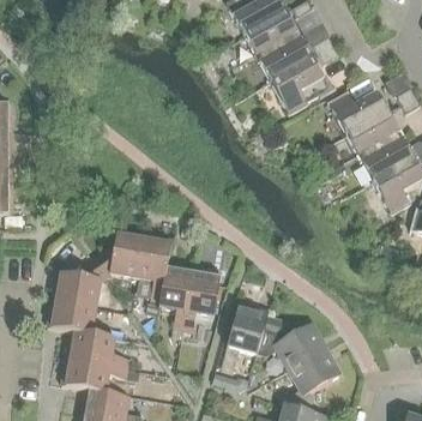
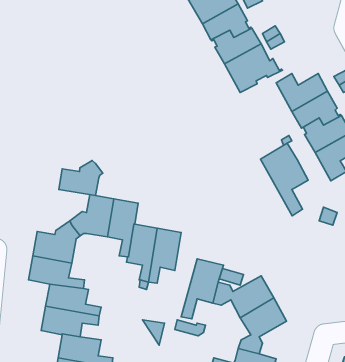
building: none -> [260,143,308,216]
building: none -> [59,160,103,196]

